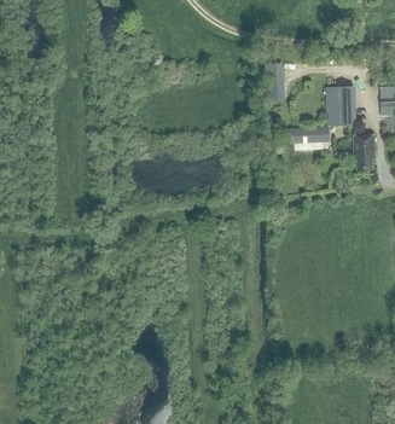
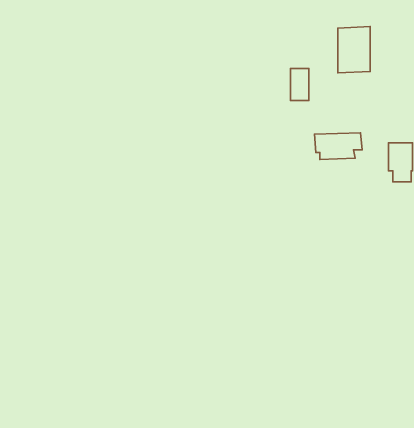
building: [326,85,354,124] -> [338,27,370,73]

